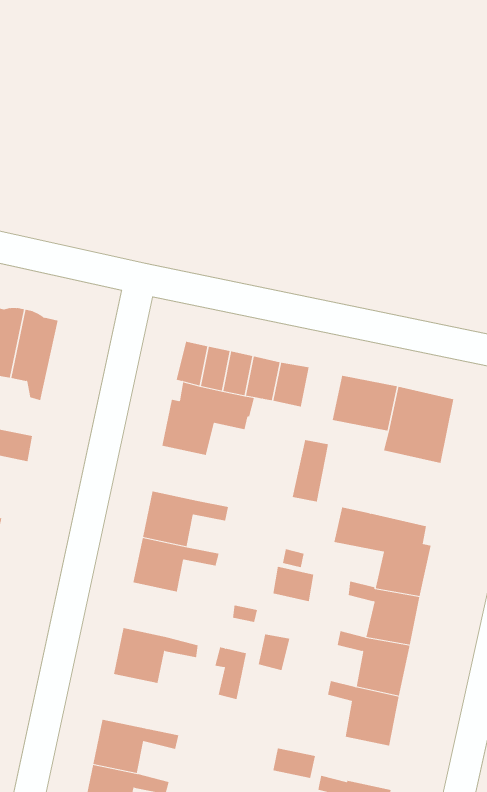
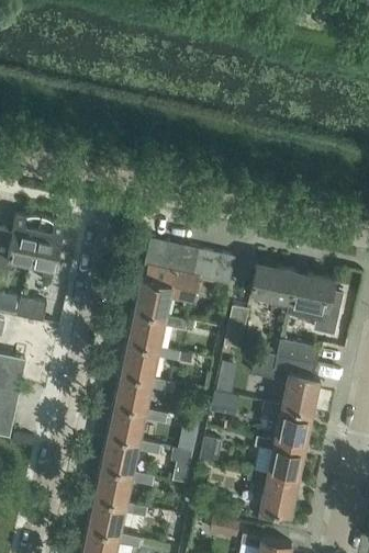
building: none -> [128,311,188,348]
building: none -> [278,340,320,365]
building: none -> [109,404,167,441]
building: none -> [94,466,155,504]

